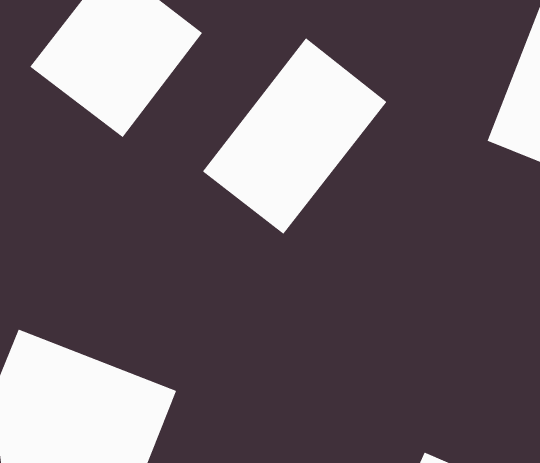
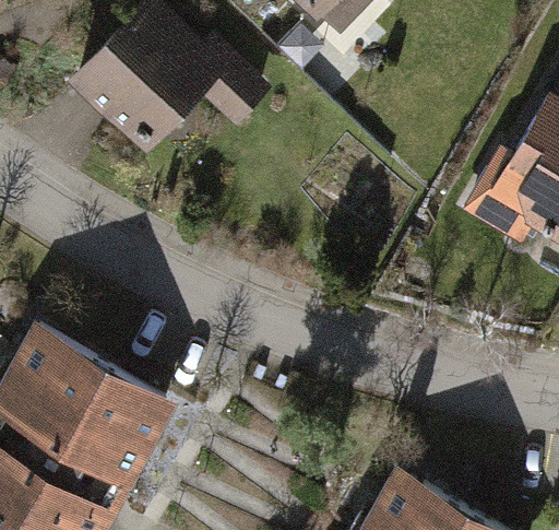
building: [202,37,387,235] -> none

